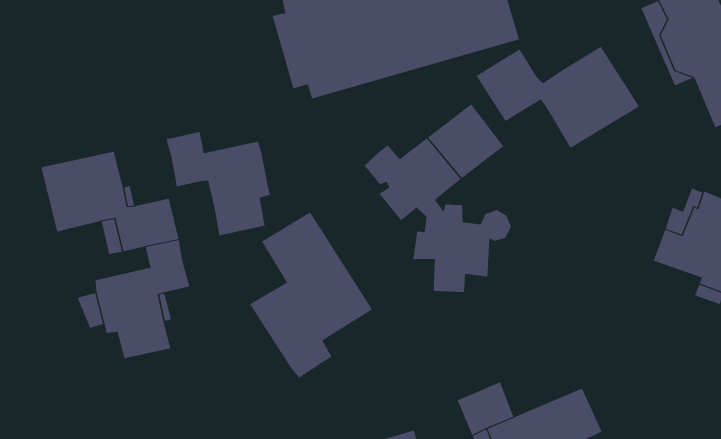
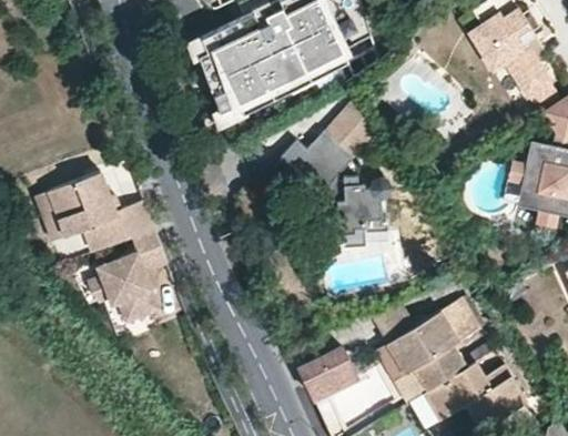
building: [476,46,640,149] -> none
building: [166,131,271,236] -> none
building: [249,211,373,378] -> none

